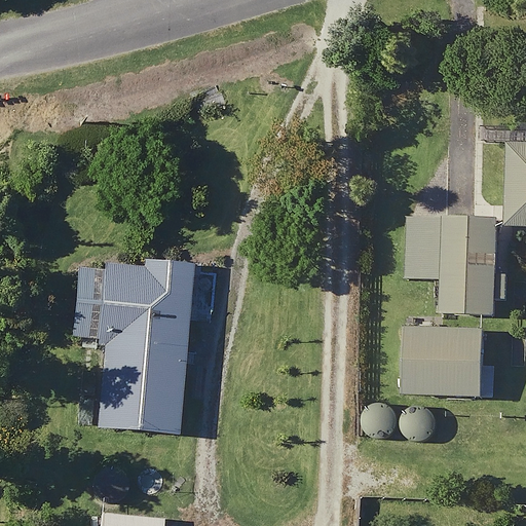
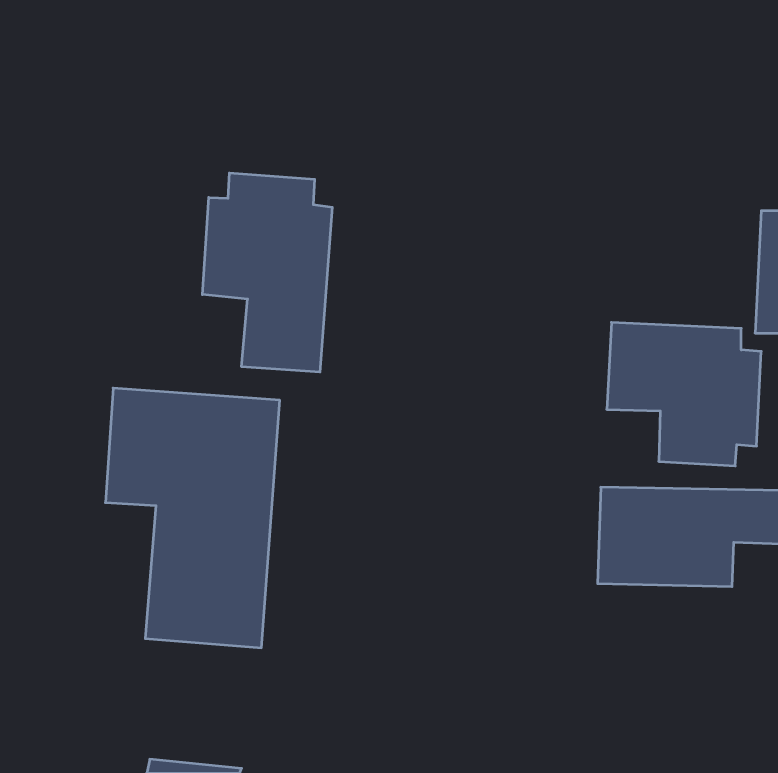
building: none -> [202,173,332,372]

